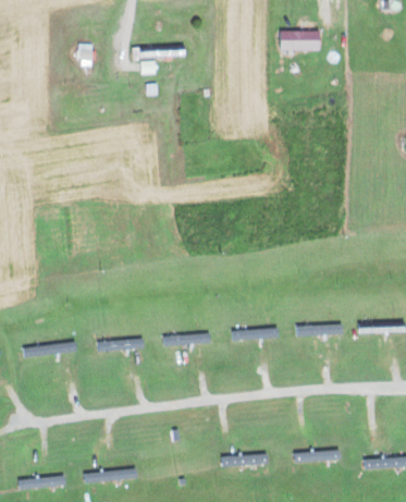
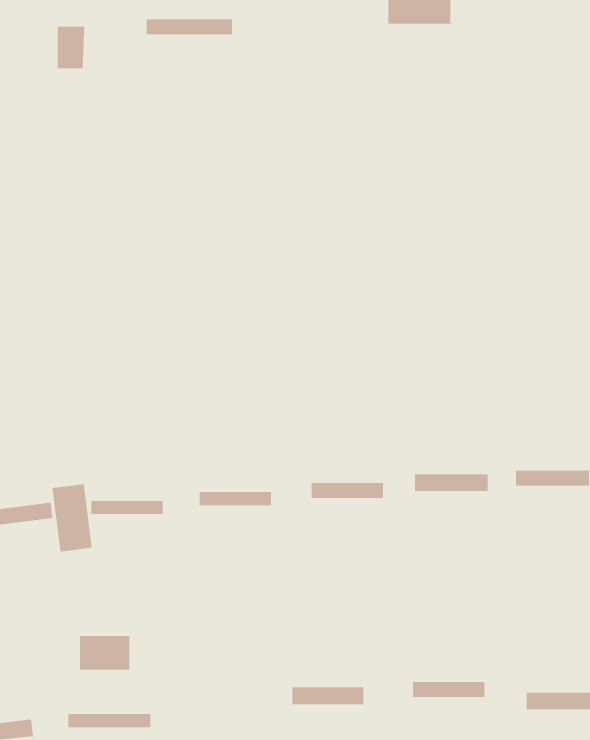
building: none -> [52,484,92,552]
building: none -> [79,635,130,670]

